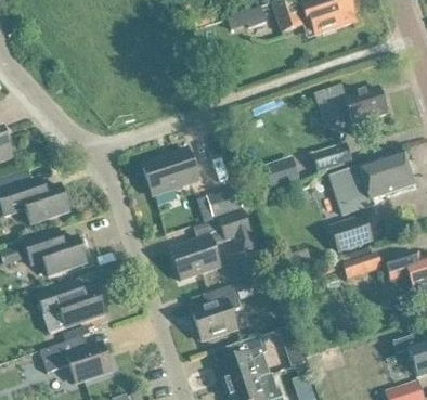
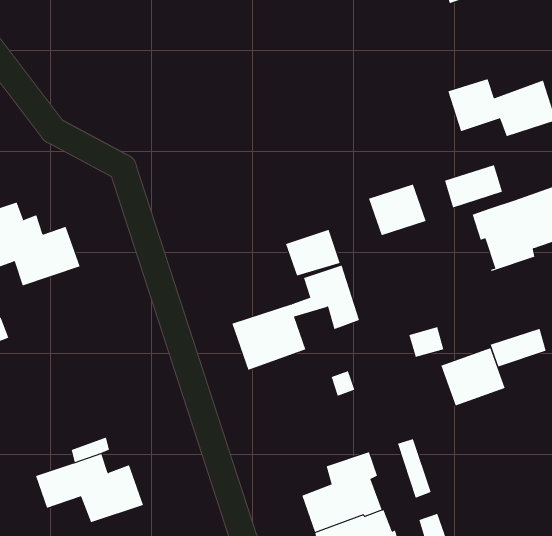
building: [142,149,198,194] -> none
building: [329,214,373,253] -> [441,348,505,406]
building: [23,231,87,275] -> none
building: [37,279,104,332] -> none
building: [192,284,241,339] -> none

